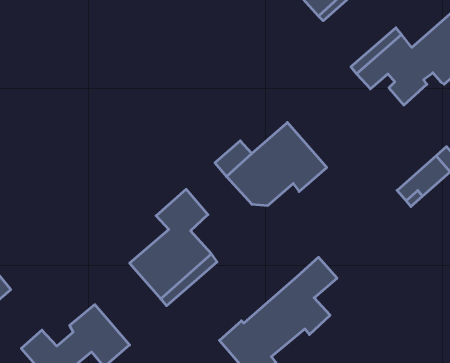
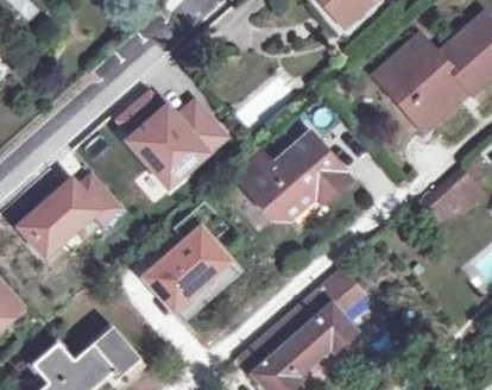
building: none -> [395,82,467,132]
building: none -> [119,98,222,188]
building: none -> [19,172,124,257]

